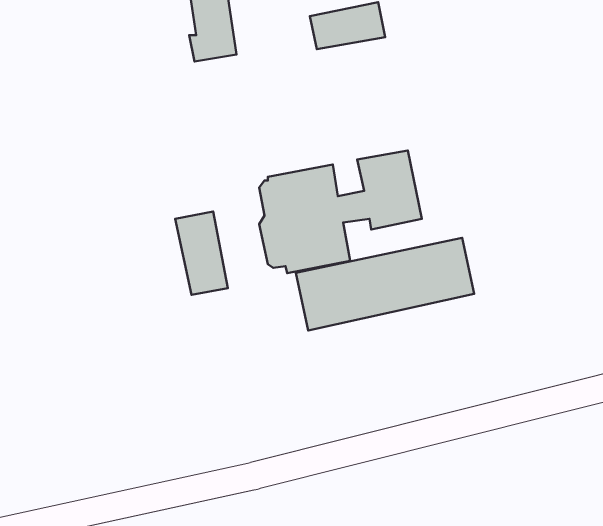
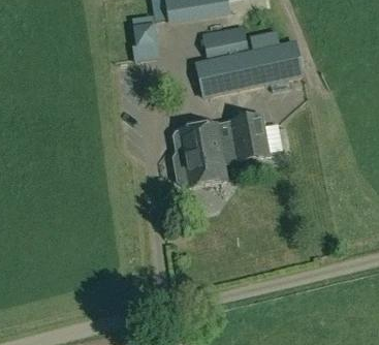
building: [175,211,228,295] -> none
building: [296,238,474,331] -> [197,41,303,96]

